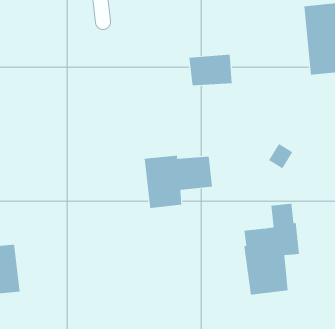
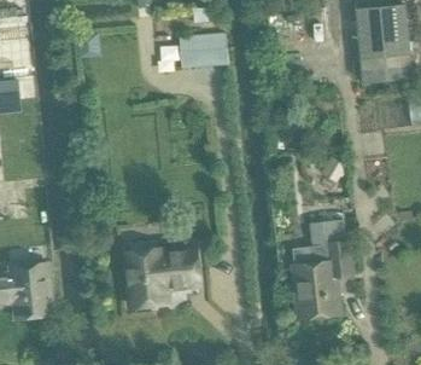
building: [189,54,233,86] -> [179,33,226,66]
building: [144,155,213,208] -> [124,249,198,306]

